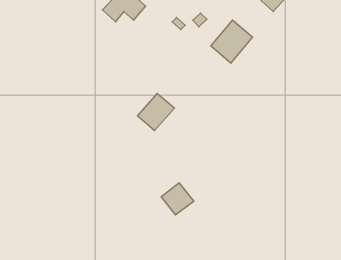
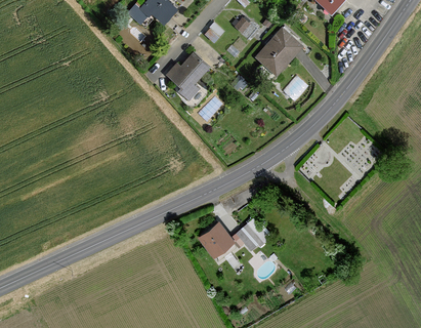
building: [137,94,174,131] -> [165,47,209,91]
building: none -> [235,216,269,251]

